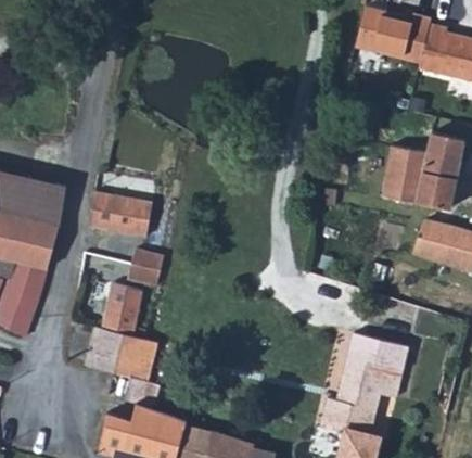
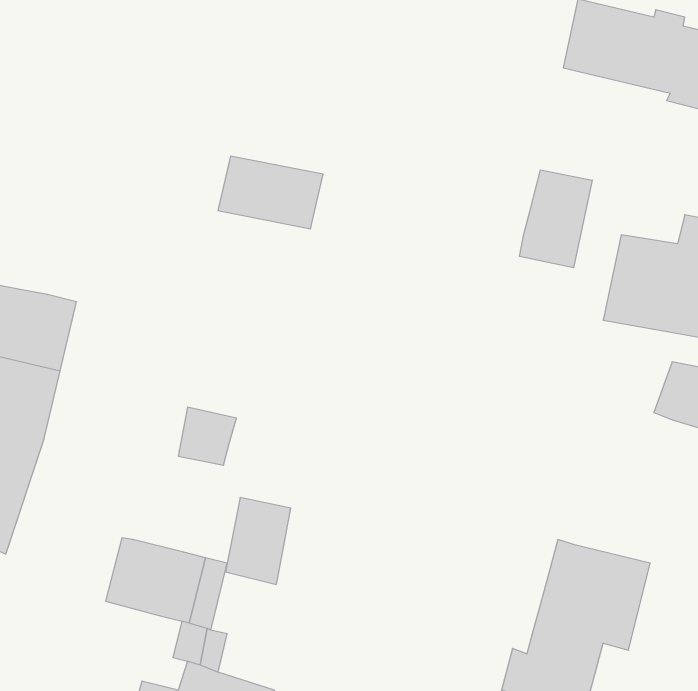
building: none -> [519,170,592,268]
building: [89,194,152,238] -> [218,156,323,229]
building: [101,284,140,336] -> [226,497,291,584]

